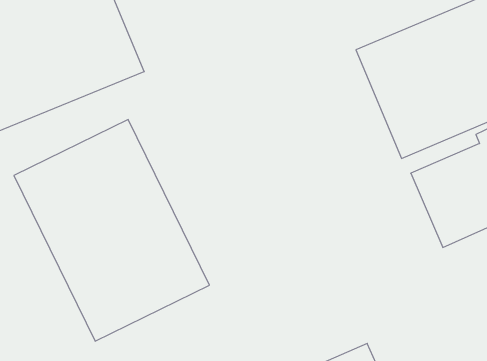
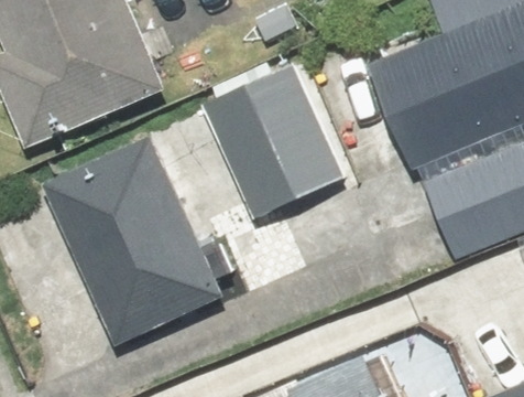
building: none -> [201,62,347,217]

